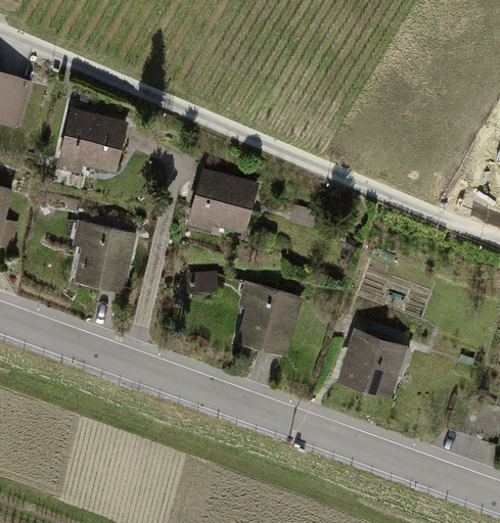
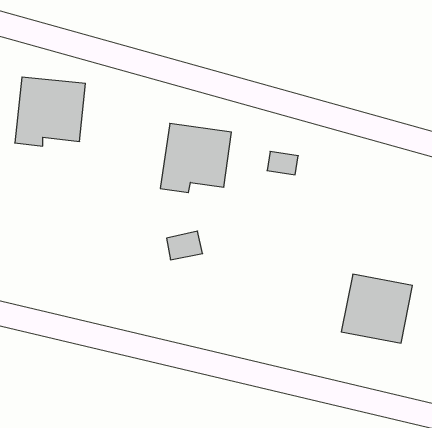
building: [71,221,136,293] -> none
building: [236,281,303,355] -> none

